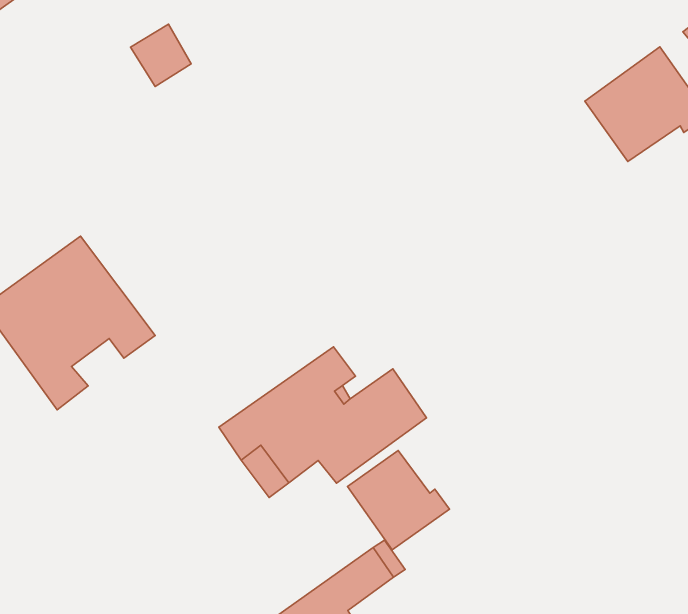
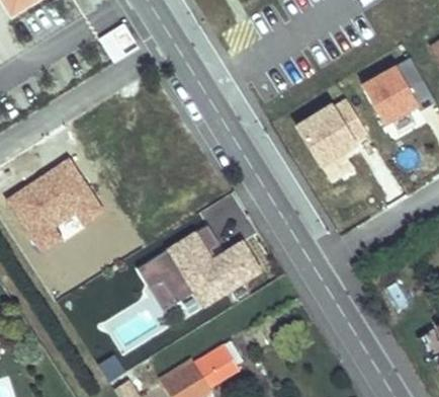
building: none -> [296,98,367,165]
building: [348,450,449,550] -> none

